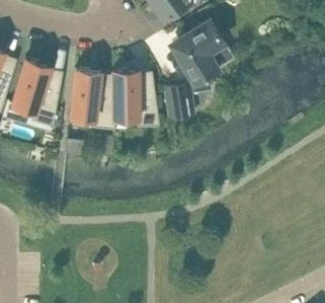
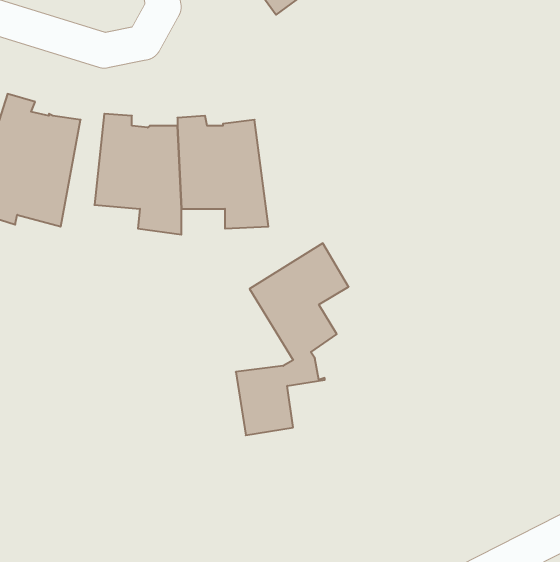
building: [164,20,222,119] -> [236,243,349,435]

